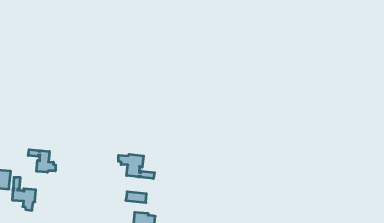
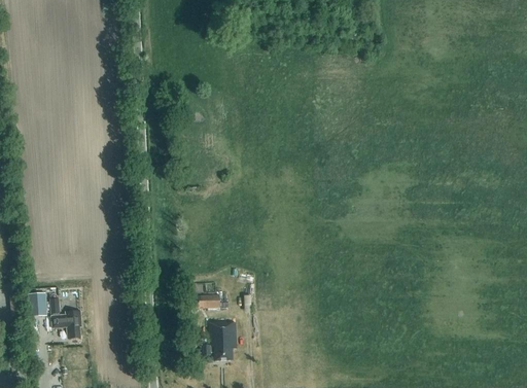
building: [28,150,56,172] -> none
building: [118,154,155,179] -> none

